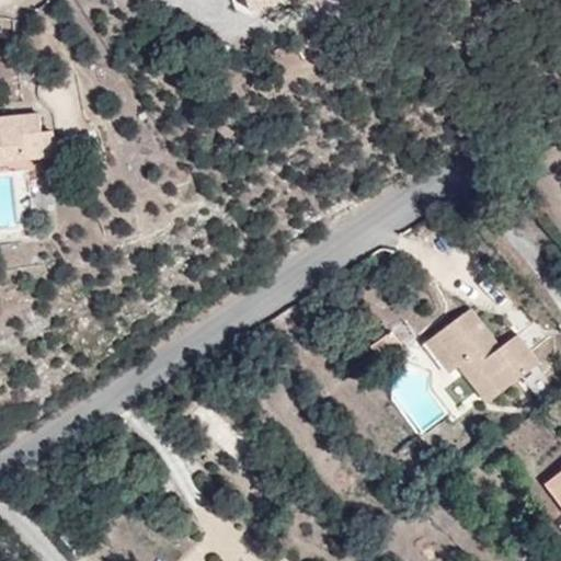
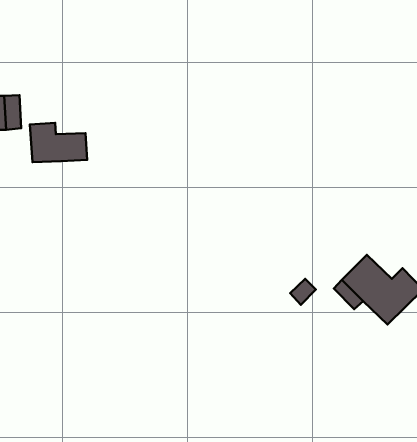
building: none -> [30,123,87,162]

